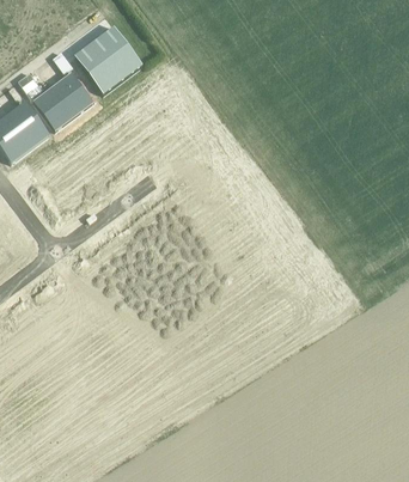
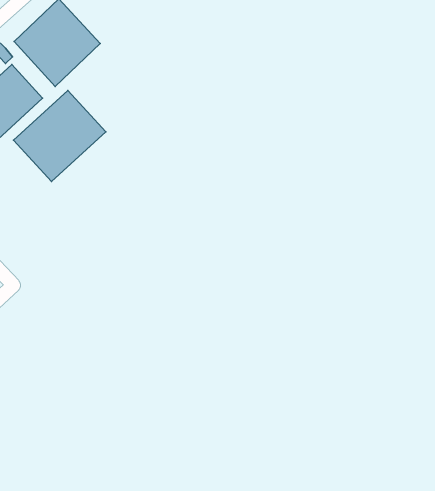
building: none -> [14,91,106,182]

